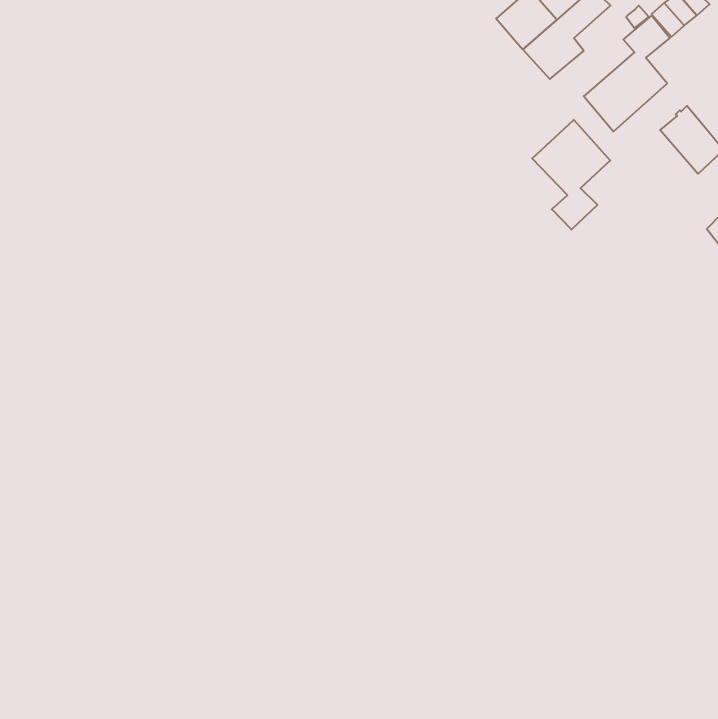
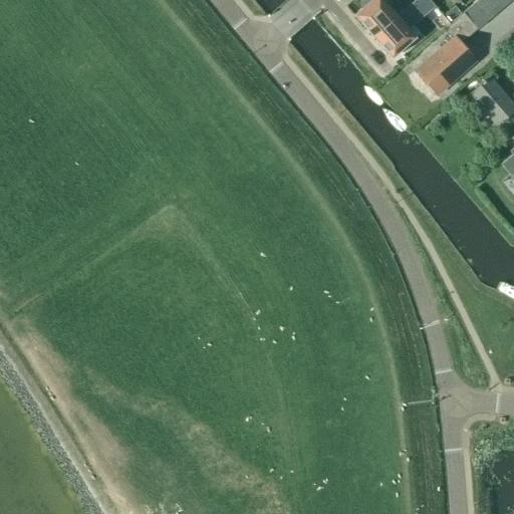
building: [532,120,610,230] -> none

